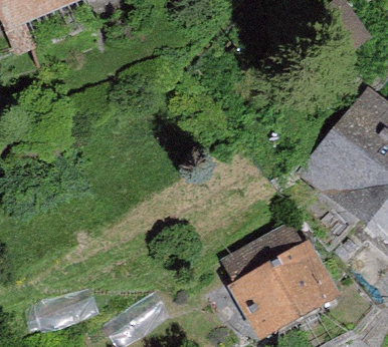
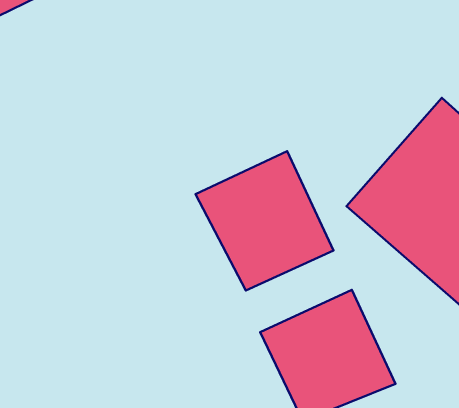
building: none -> [195,151,334,290]

